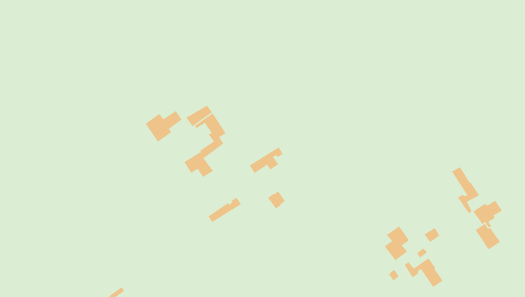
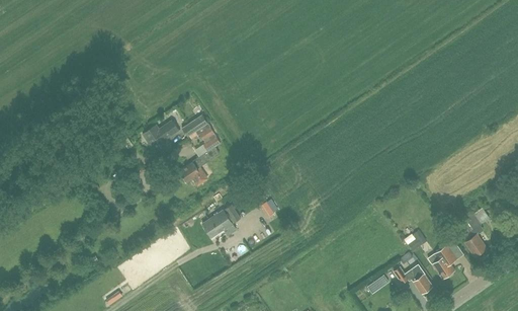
building: [249,147,283,174] -> [206,212,240,238]
building: [451,166,480,214] -> none
building: [384,225,410,261] -> [431,244,456,279]

